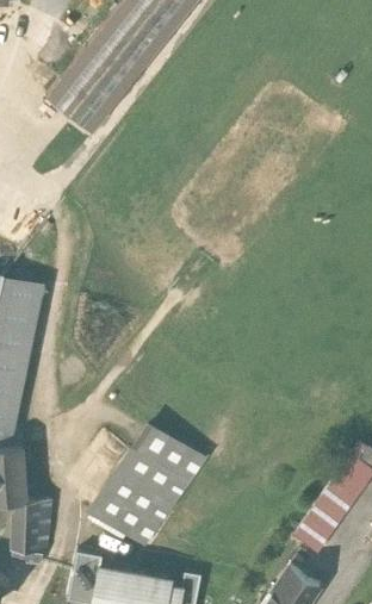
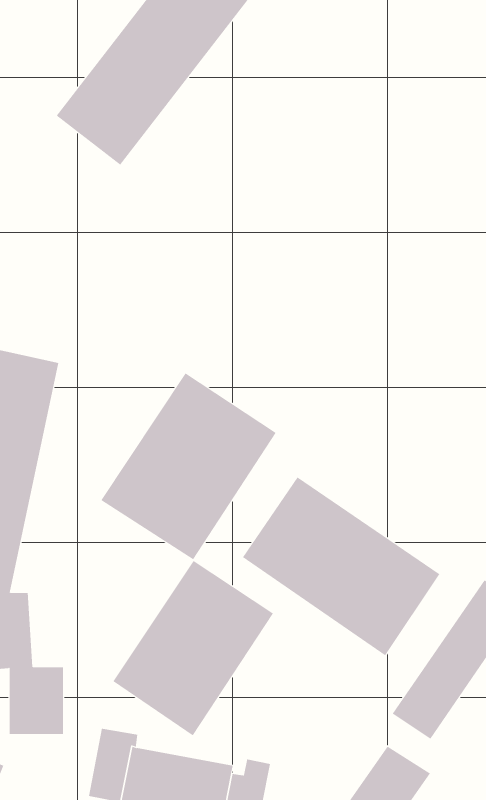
building: none -> [101,372,276,560]
building: none -> [242,477,440,656]

